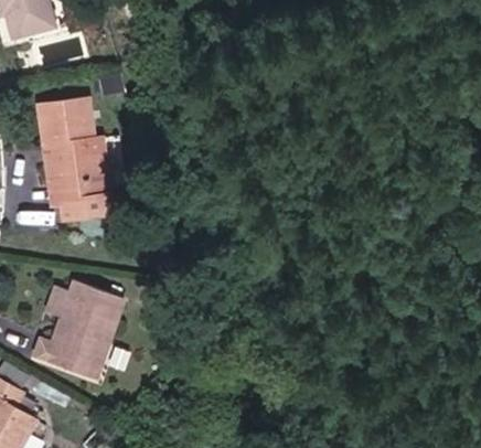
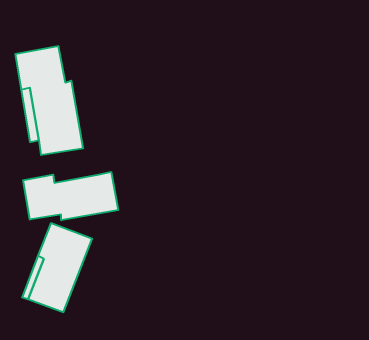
building: none -> [23,172,118,220]

